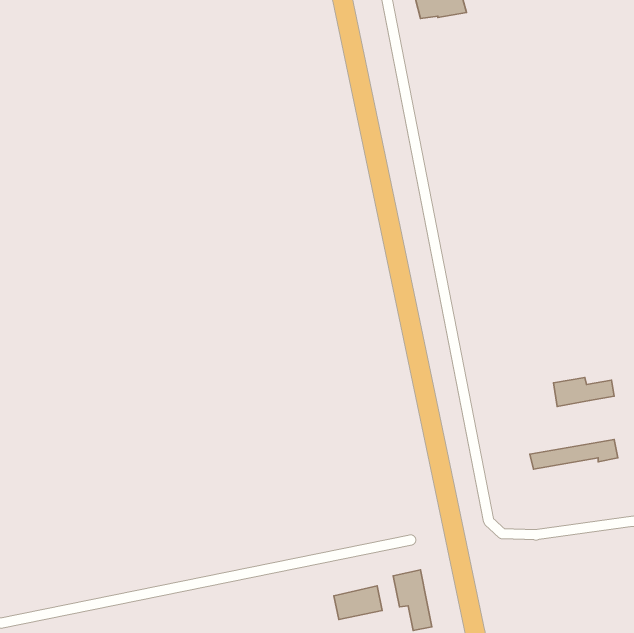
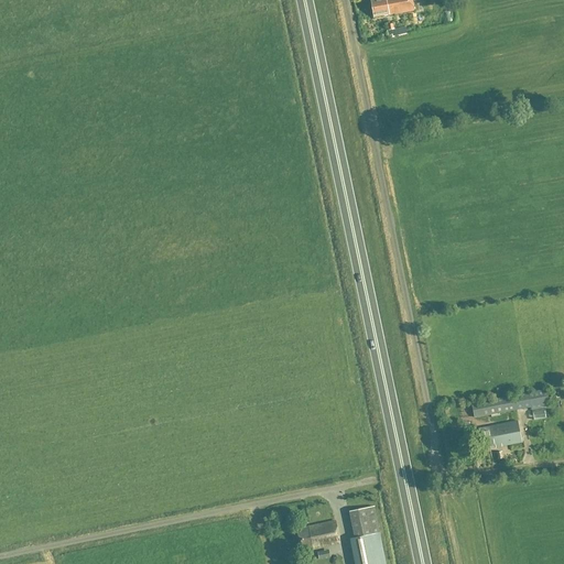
building: [554,377,614,406] -> none
building: none -> [478,420,521,446]

